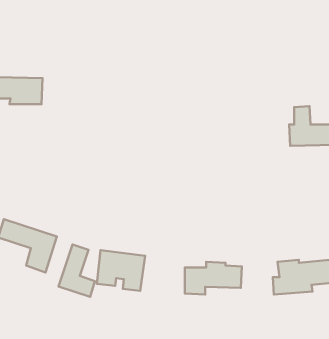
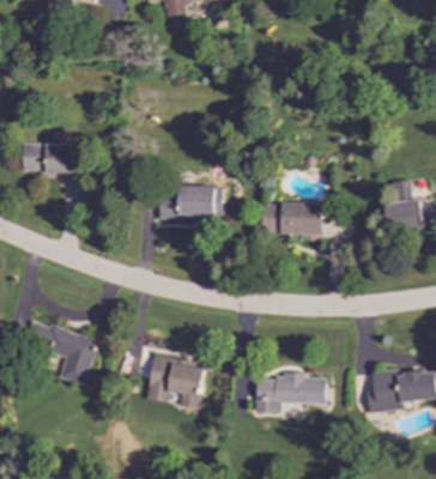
building: none -> [158,184,222,218]
building: none -> [260,201,322,240]
building: [59,244,95,297] -> none

